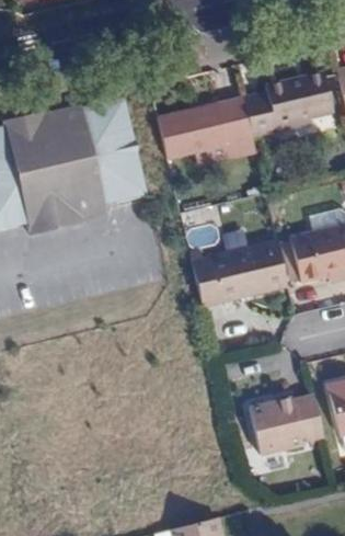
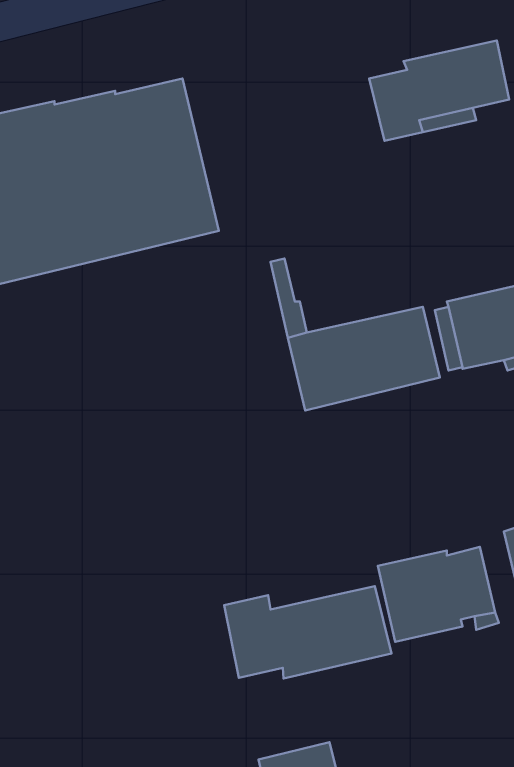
building: [158,96,253,159] -> none
building: none -> [224,586,392,678]

